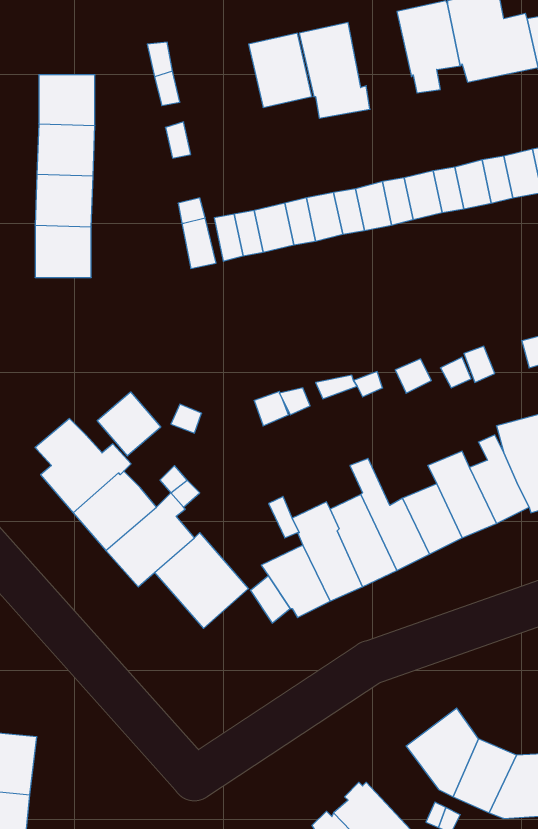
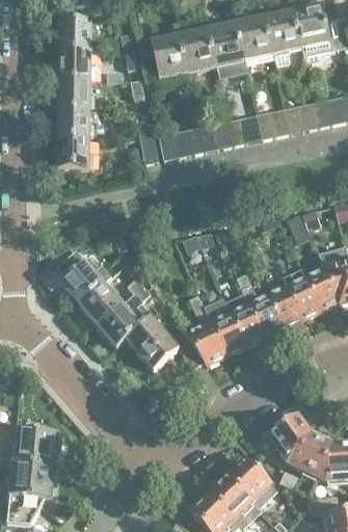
building: none -> [236,16,272,59]
building: none -> [58,22,91,52]
building: none -> [150,34,187,77]
building: [97,392,161,456] -> none

